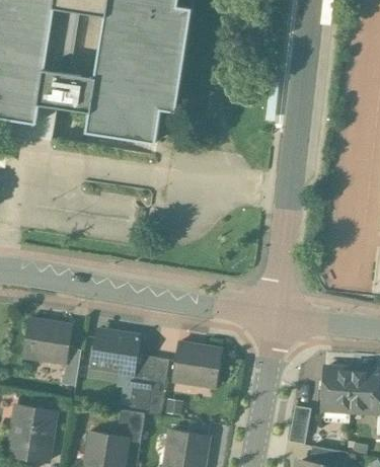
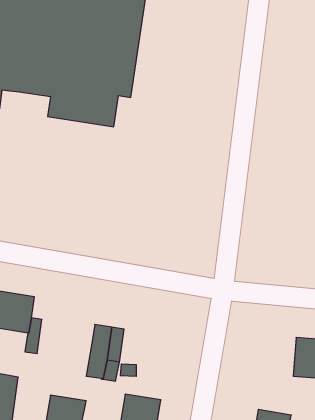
building: [91,329,141,375] -> none
building: [172,342,222,387] -> none
building: [322,367,354,410] -> none
building: [289,405,311,444] -> none
building: [118,409,145,443] -> none

